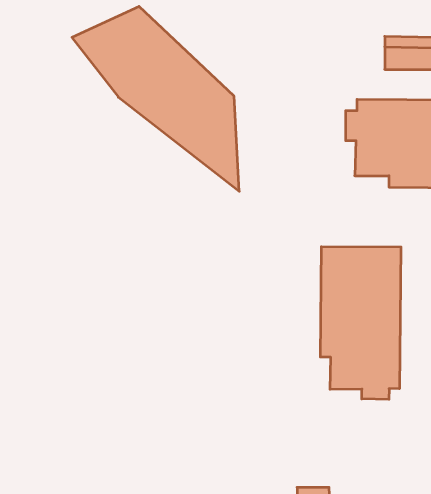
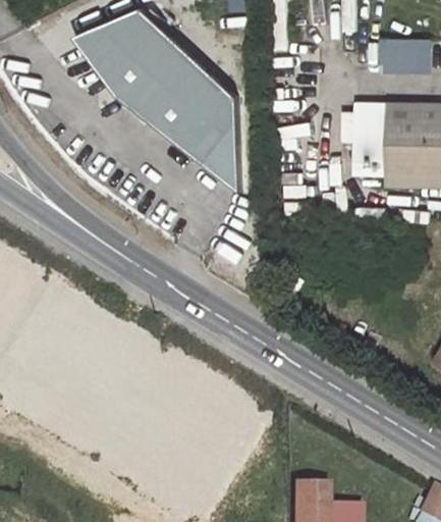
building: [320,247,401,399] -> none

